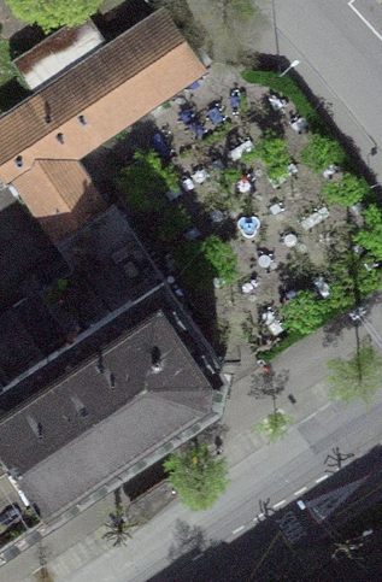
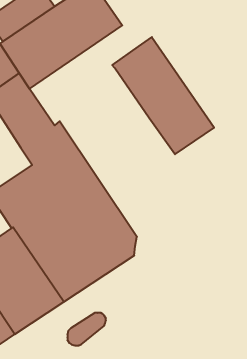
building: none -> [112,37,214,154]

